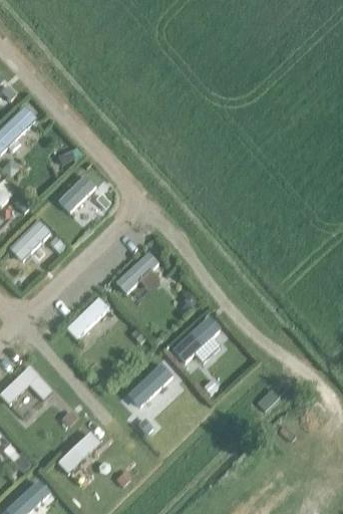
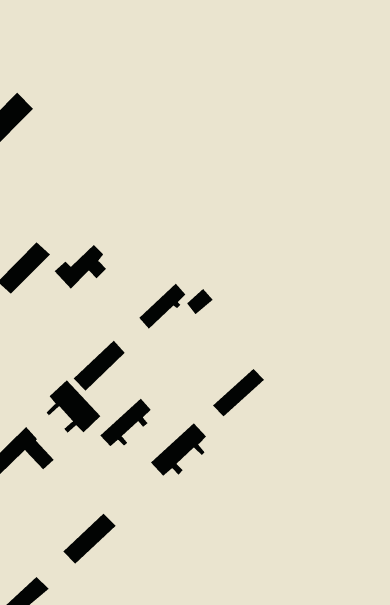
building: [55,176,96,211] -> [54,244,107,289]
building: none -> [46,380,101,434]
building: none -> [100,398,152,447]

